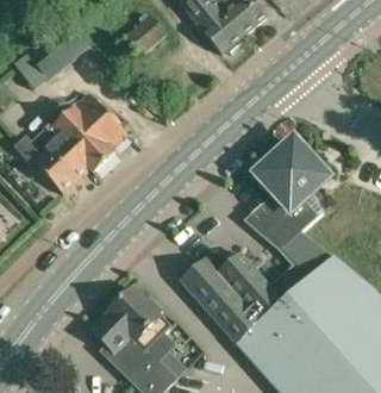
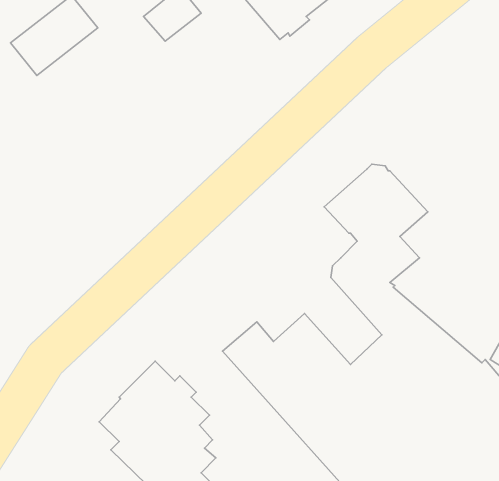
building: [31,94,126,193] -> none

